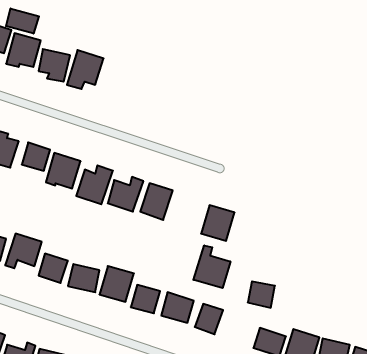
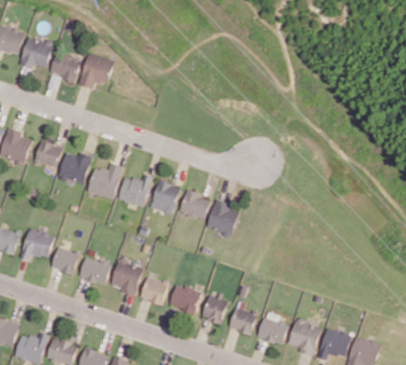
building: [6,8,39,34] -> none
building: none -> [179,192,210,220]
building: [193,245,230,288] -> none
building: [248,281,275,308] -> [229,309,255,334]

